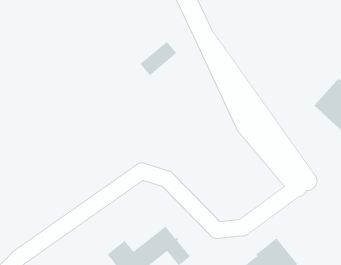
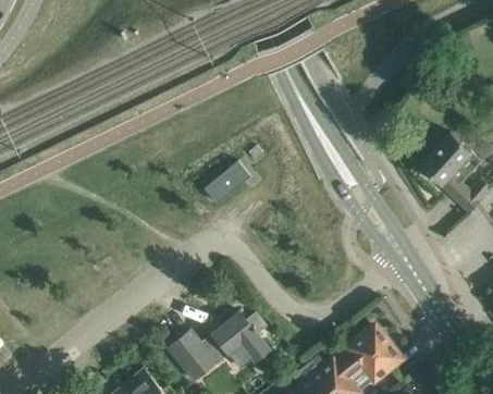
building: [140,41,177,76] -> [205,162,250,205]

